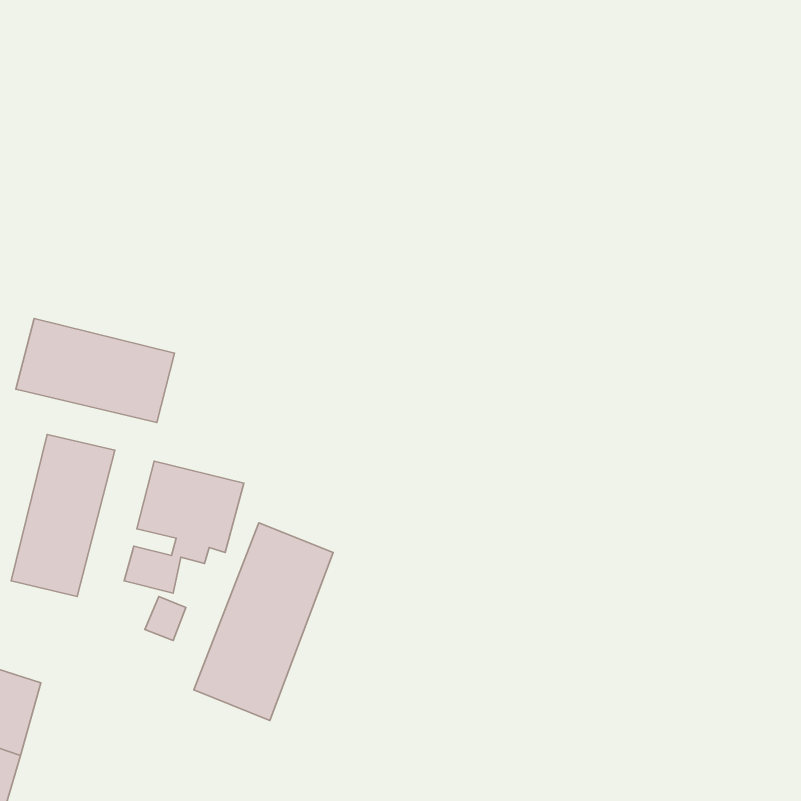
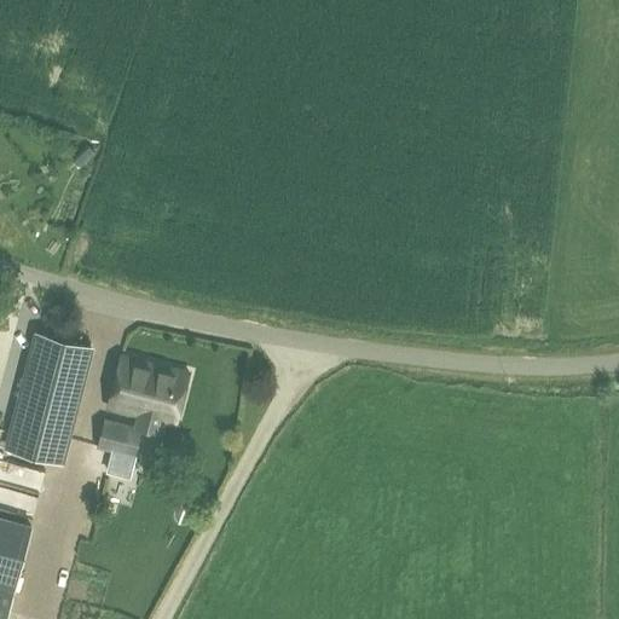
building: [16,318,175,423] -> none
building: [194,523,333,721] -> none

